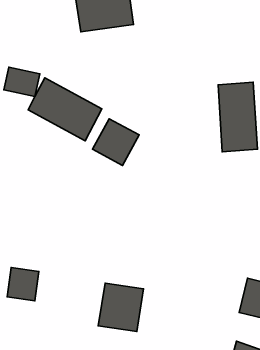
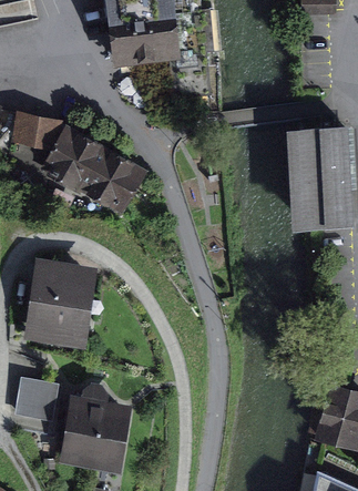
building: [92,119,139,165] -> none
building: none -> [29,260,95,349]
building: [98,283,144,332] -> [67,402,126,467]

